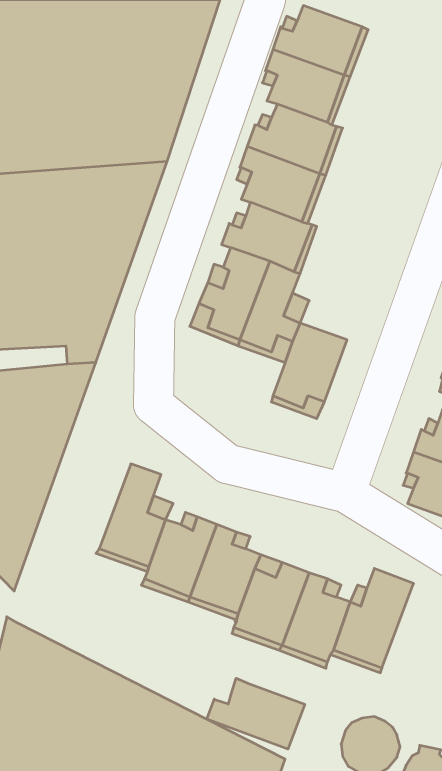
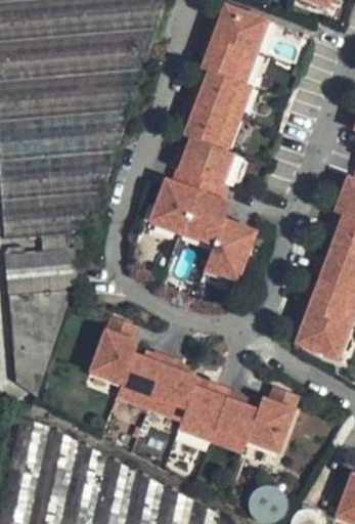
building: [207,678,305,749] -> none

